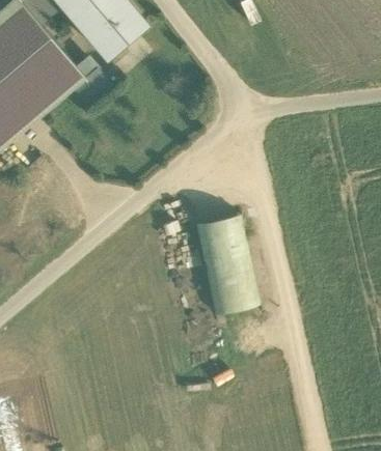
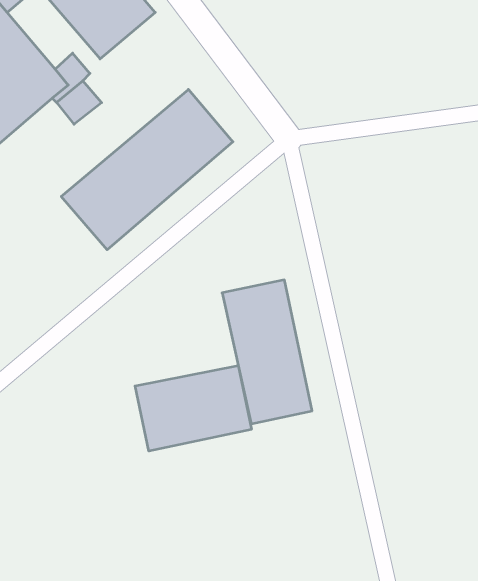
building: none -> [61,89,233,250]
building: none -> [135,366,251,451]

